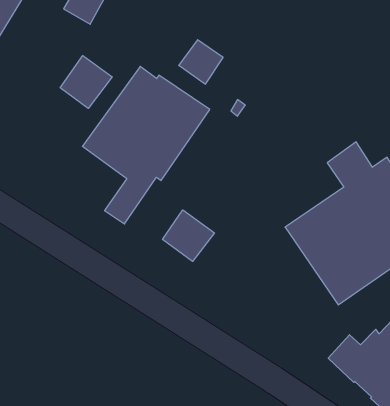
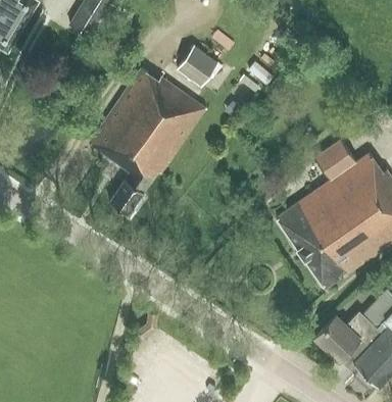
building: [60,56,112,108] -> none
building: [163,210,214,261] -> none

